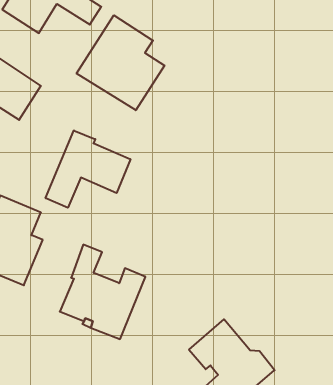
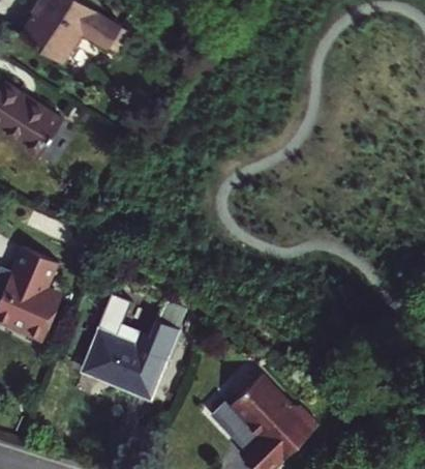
building: [77,15,164,110] -> none
building: [46,130,130,208] -> none

